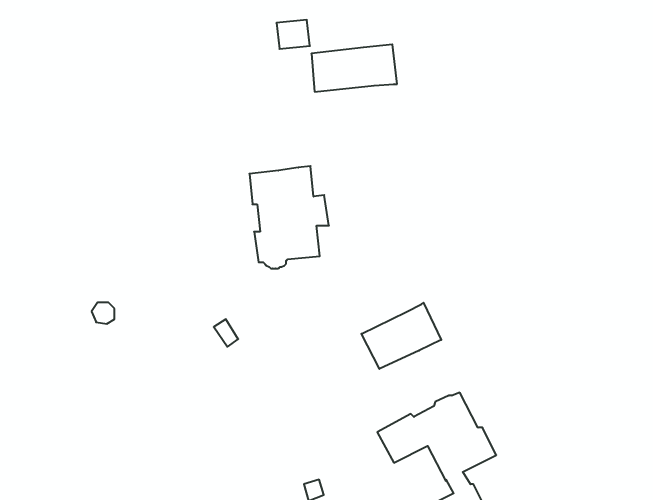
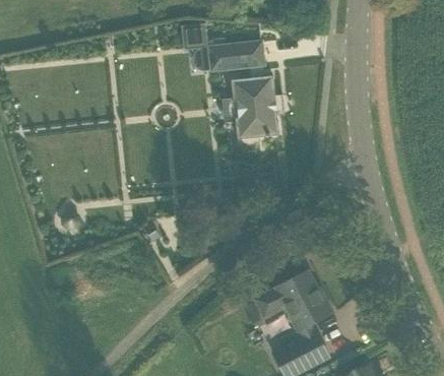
building: [249,166,329,268] -> [232,76,284,144]
building: [361,303,441,369] -> none

